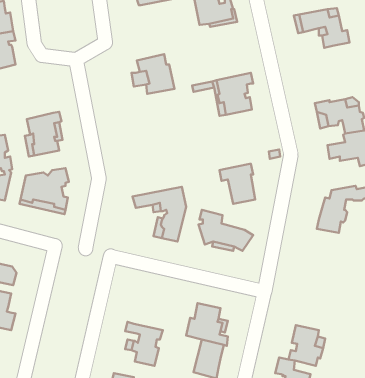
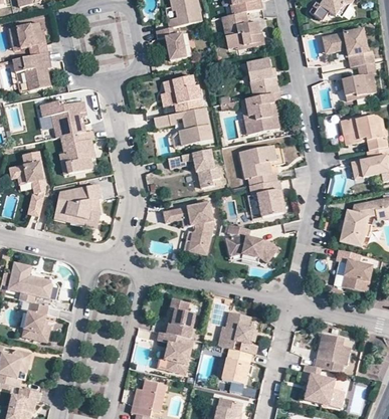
building: none -> [157,27,187,59]
building: none -> [246,60,277,97]
building: none -> [340,63,375,100]
building: none -> [42,100,87,137]
building: none -> [156,108,213,145]
building: none -> [240,145,276,185]
building: none -> [169,150,221,188]
building: none -> [336,250,373,292]
building: none -> [165,299,195,340]

